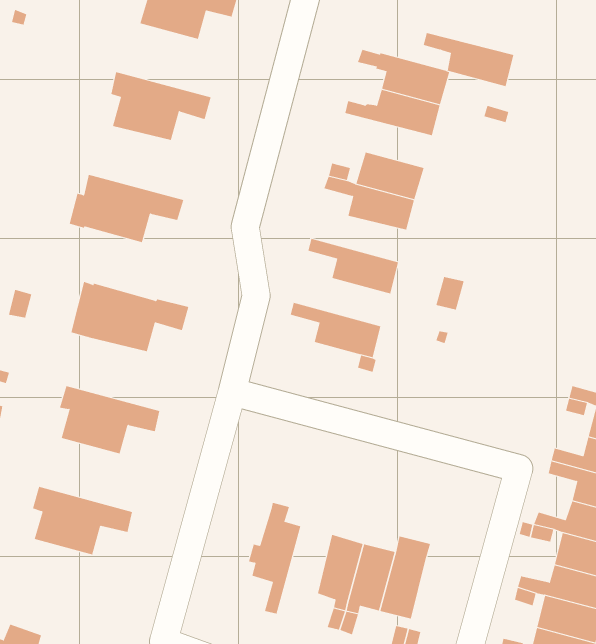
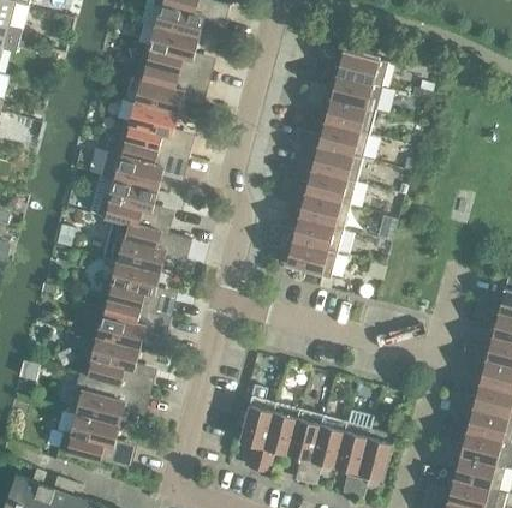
building: none -> [136,25,212,80]
building: [423,32,514,87] -> [305,92,374,133]
building: none -> [115,102,191,157]
building: none -> [282,169,355,204]
building: none -> [95,178,171,233]
building: none -> [269,216,343,252]
building: none -> [99,261,174,316]
building: none -> [78,336,154,392]
building: none -> [257,402,298,471]
building: none -> [56,412,133,468]
building: none -> [358,428,394,479]

